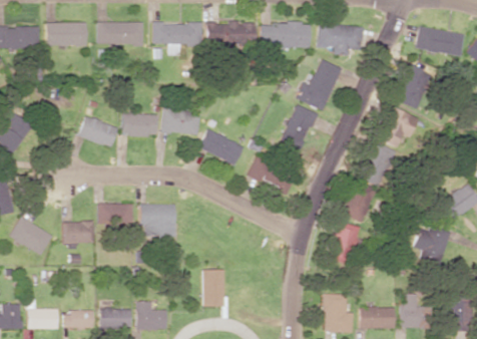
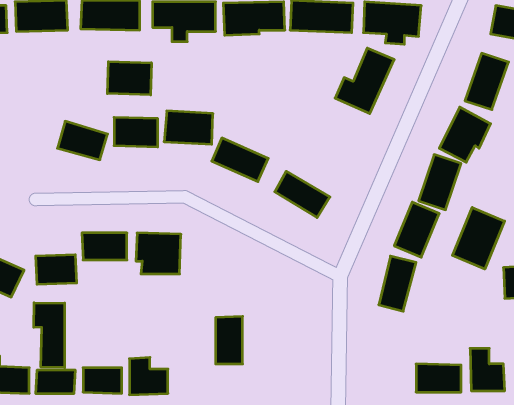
building: none -> [107,62,151,95]
building: [280,104,316,151] -> none
building: none -> [452,207,505,269]
building: none -> [34,303,65,368]
building: [324,294,353,332] -> none

